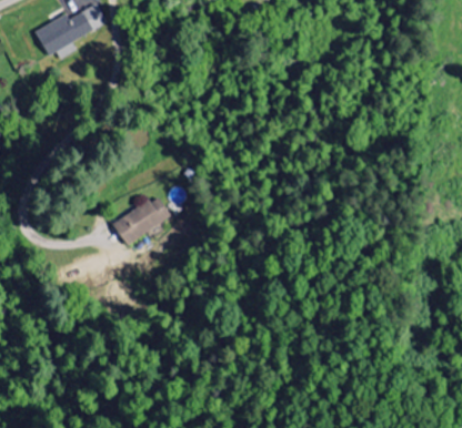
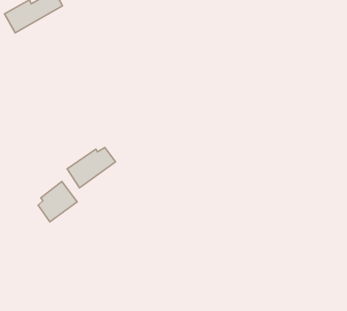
building: none -> [38,182,77,222]

